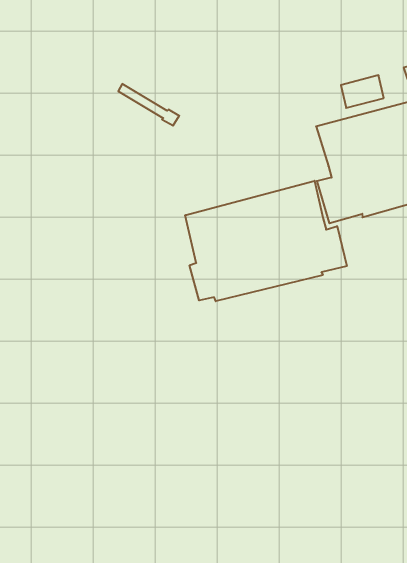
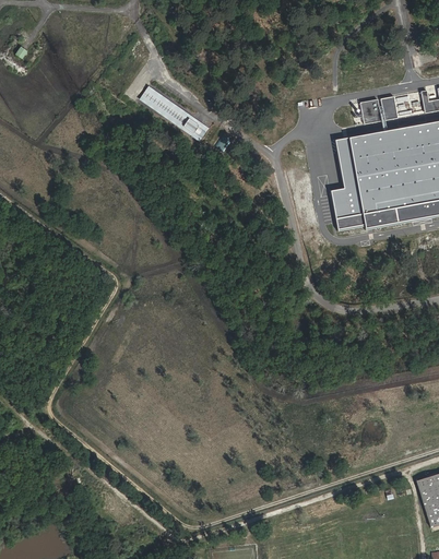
building: [185,181,347,301] -> none

